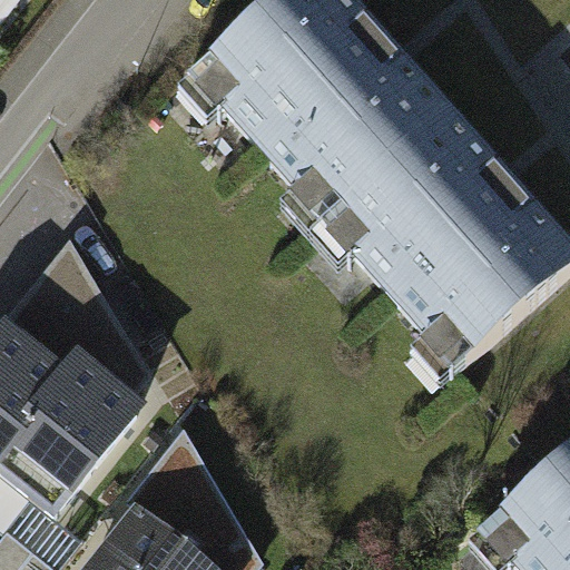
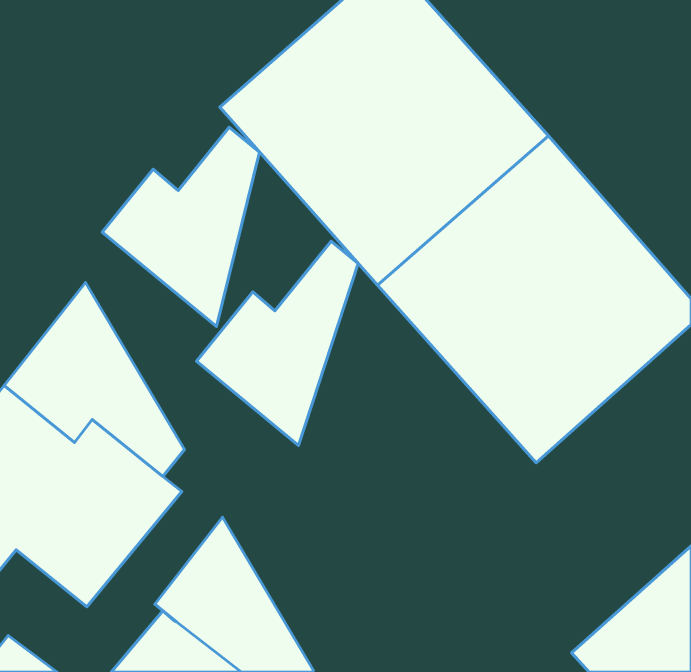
building: none -> [102,127,260,326]
building: none -> [197,241,358,445]

